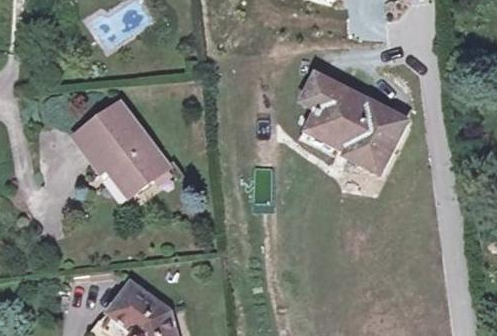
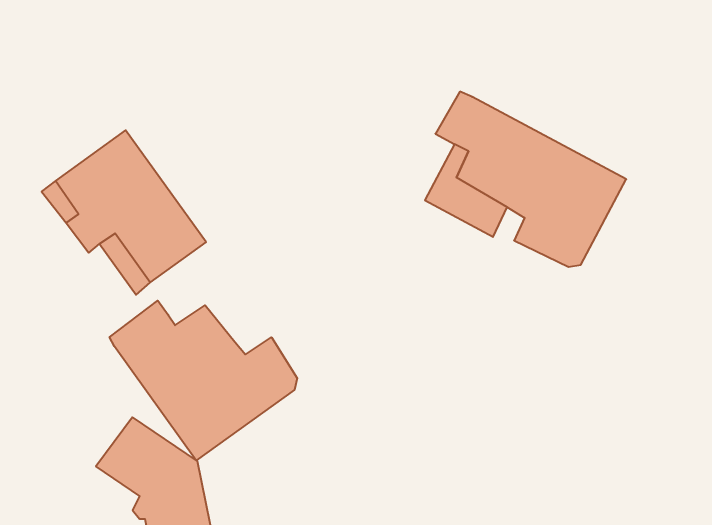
building: none -> [110,301,297,460]

